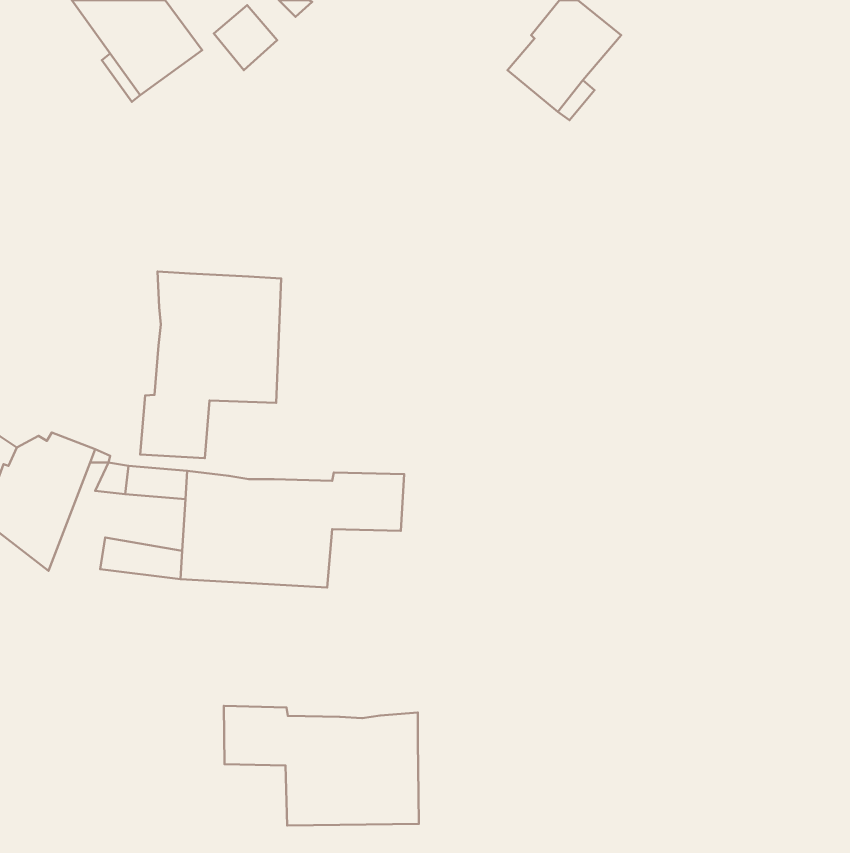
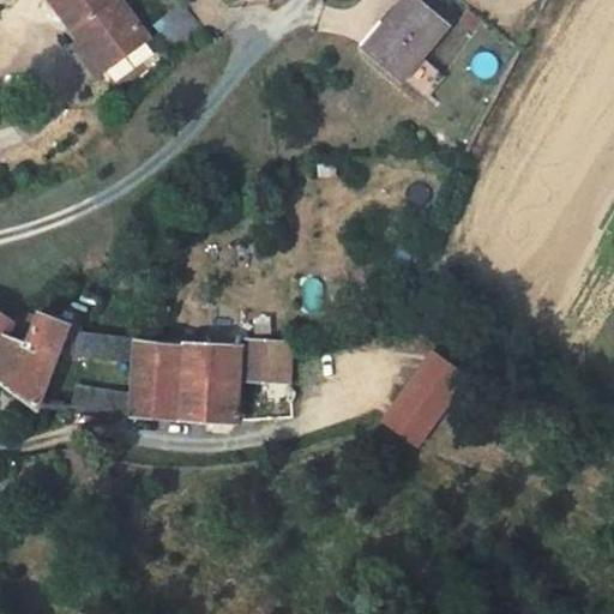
building: [140,272,281,458] -> none
building: none -> [381,350,468,446]
building: [224,706,419,826] -> none

